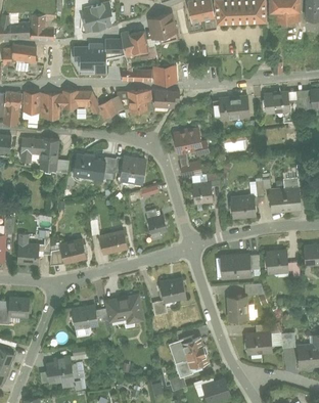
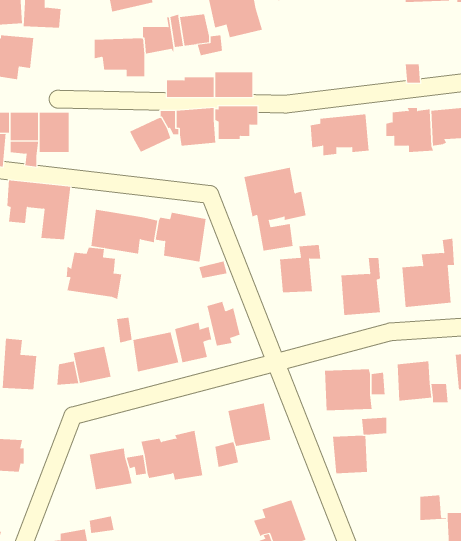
building: [59,88,100,117] -> none
building: none -> [66,247,122,300]
building: none -> [174,322,212,363]
building: [246,332,273,356] -> none

